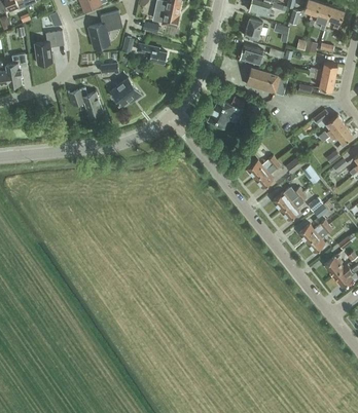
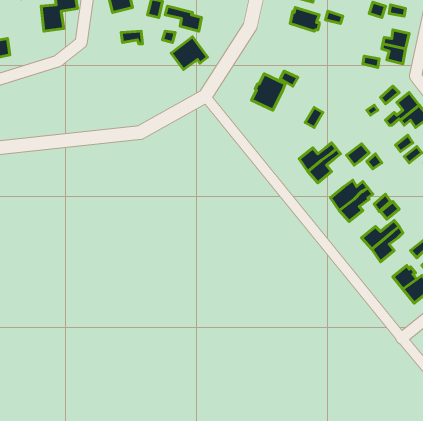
building: [6,53,27,85] -> none
building: [246,66,288,95] -> none
building: [111,78,141,105] -> [171,37,207,70]
building: [69,87,103,116] -> none

